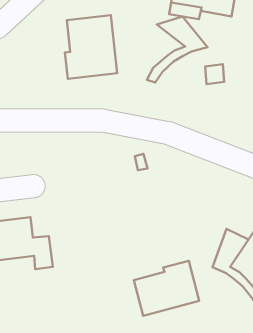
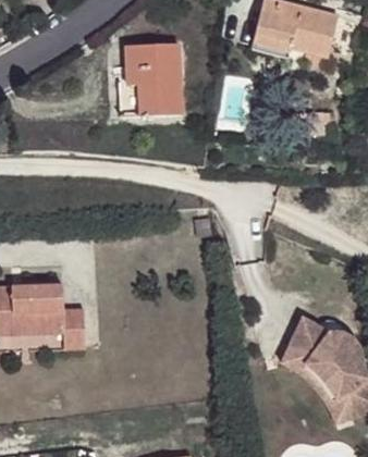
building: [147,16,208,82] -> none
building: [134,261,199,316] -> none

